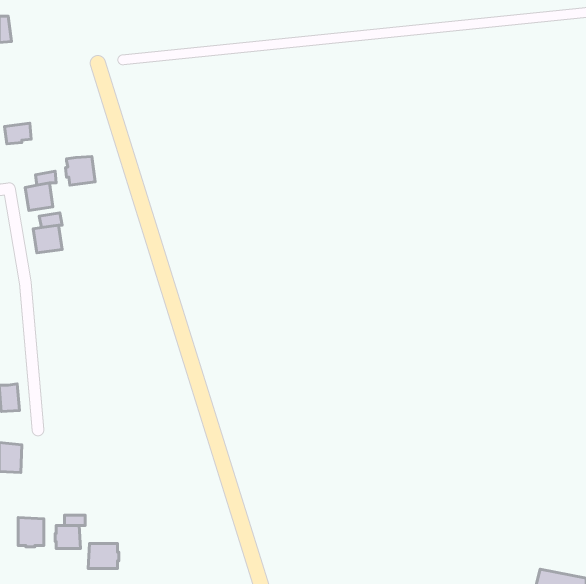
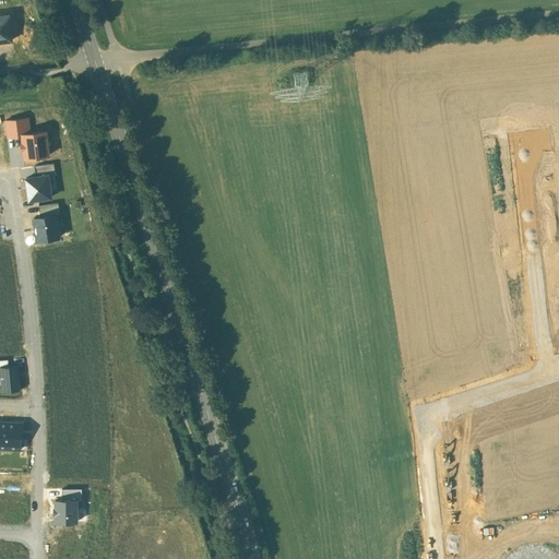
building: [65,156,95,185] -> [20,134,48,162]
building: [18,518,44,547] -> none
building: [88,543,119,568] -> none

